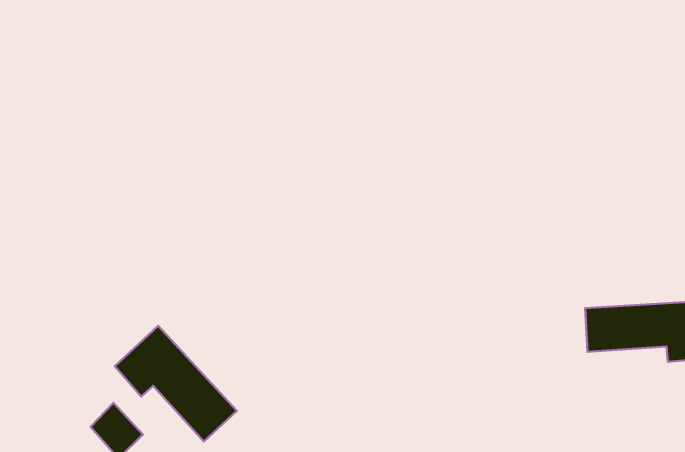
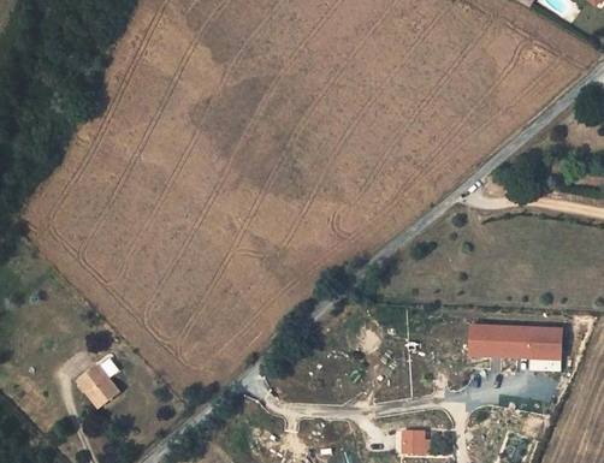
building: [115,326,237,442] -> none

